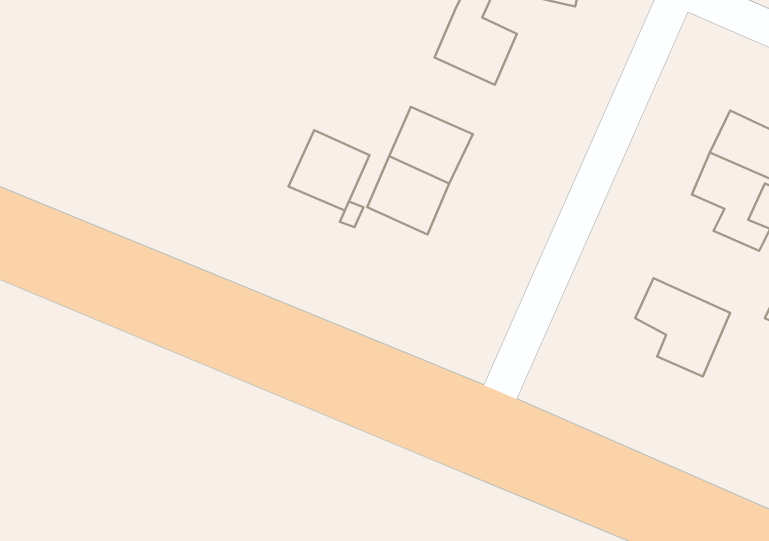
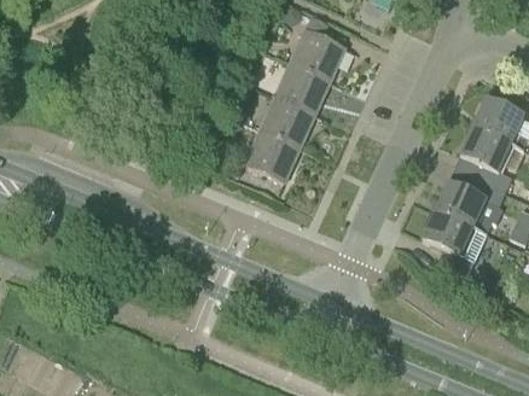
building: none -> [275,64,331,115]
building: [288,130,369,211] -> none
building: none -> [436,179,506,233]

